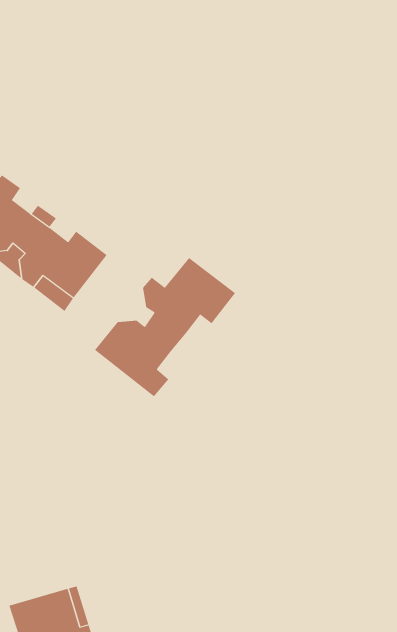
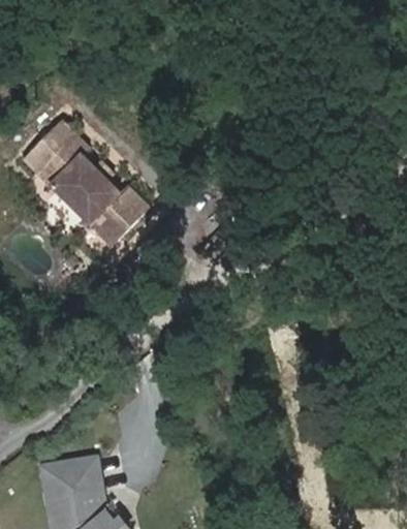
building: [94,257,236,397] -> none

